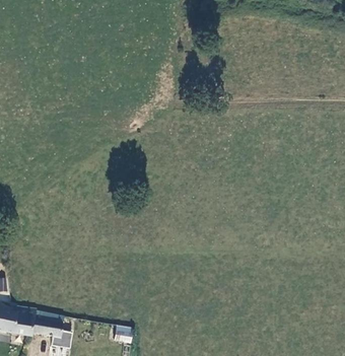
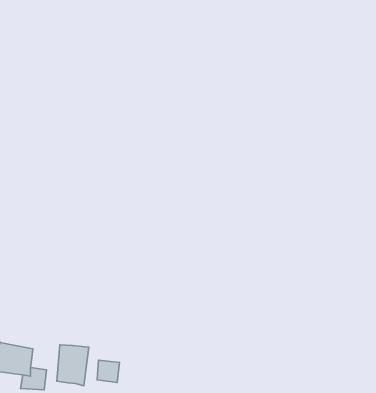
building: none -> [57,345,89,386]

